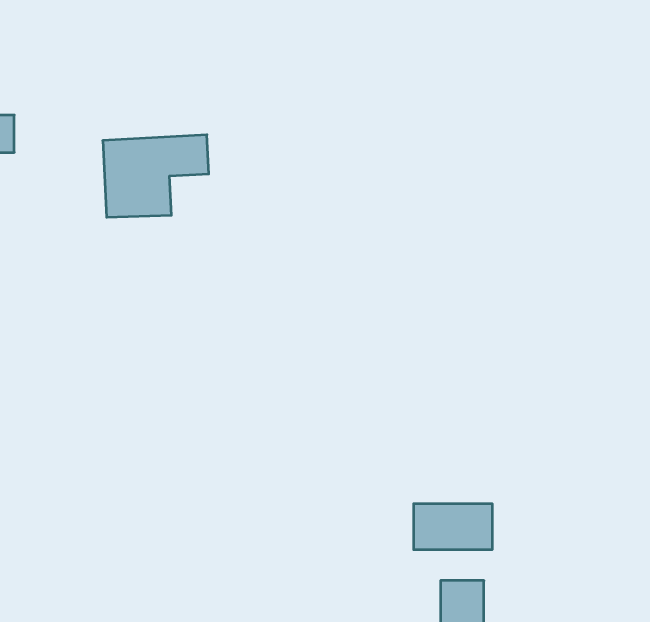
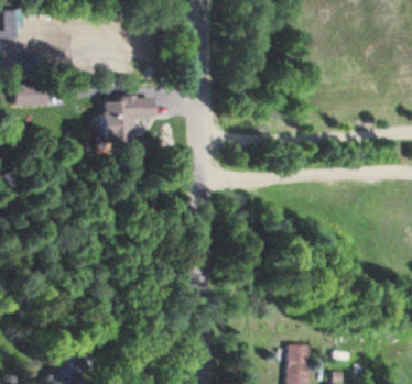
building: [414,504,492,550] -> none

